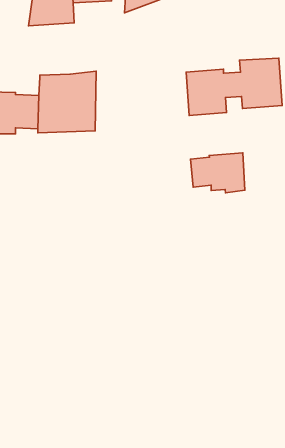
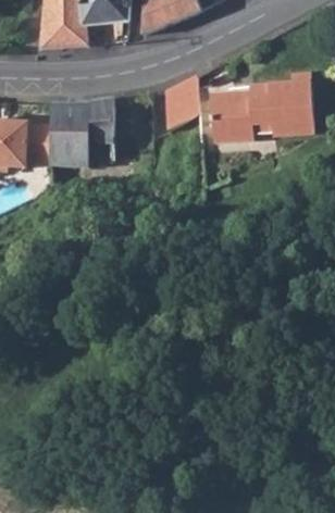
building: none -> [163,75,198,129]
building: [191,153,245,193] -> none

